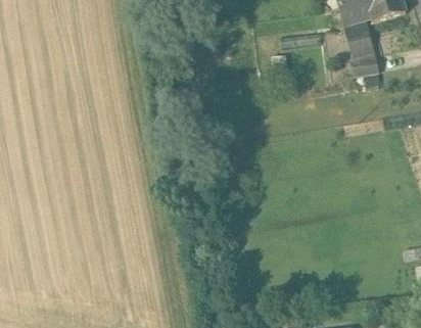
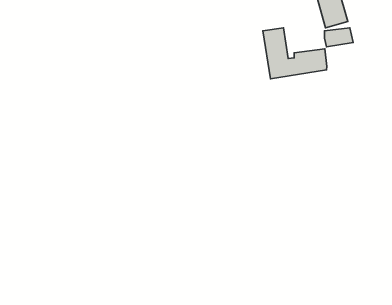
building: none -> [263,28,327,79]

